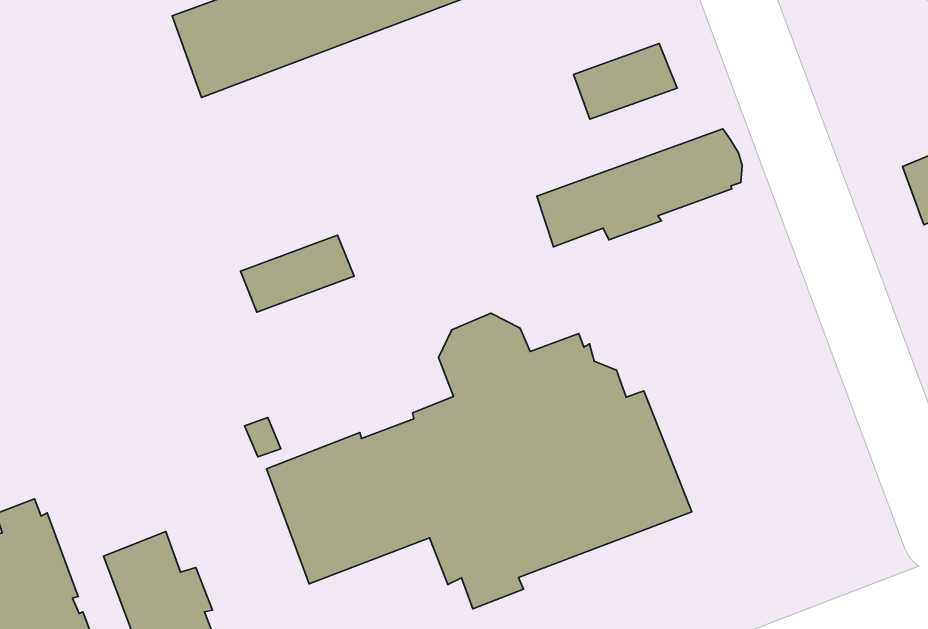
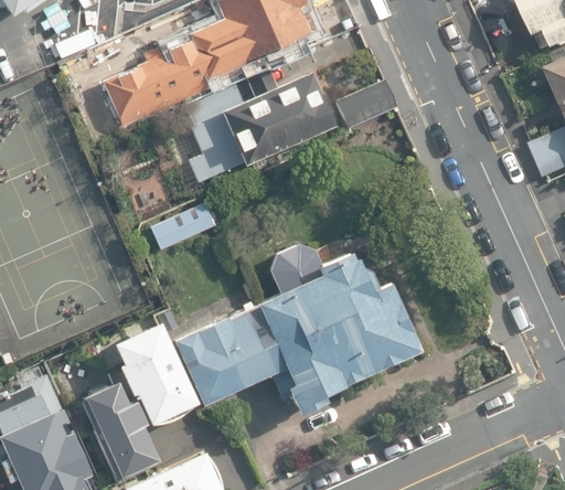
building: none -> [183,67,337,184]
building: [537,129,742,247] -> none
building: none -> [113,322,198,426]

